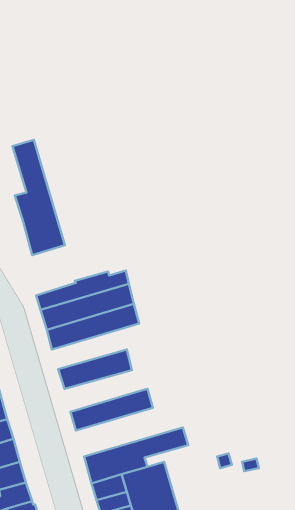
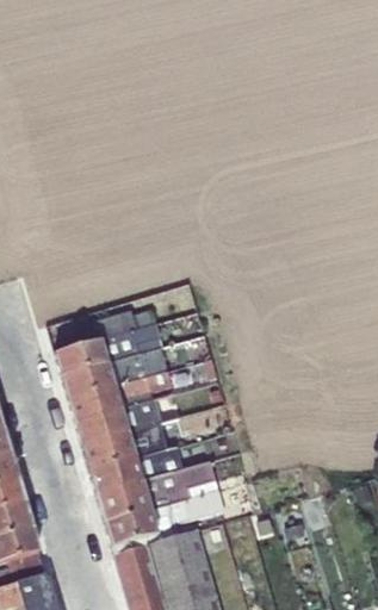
building: [12,140,65,255] -> none
building: none -> [69,373,174,425]
building: none -> [83,421,185,474]
building: none -> [97,462,219,525]

